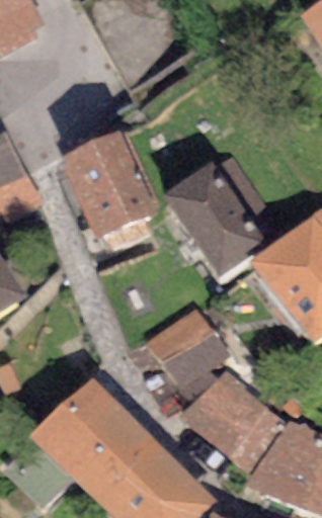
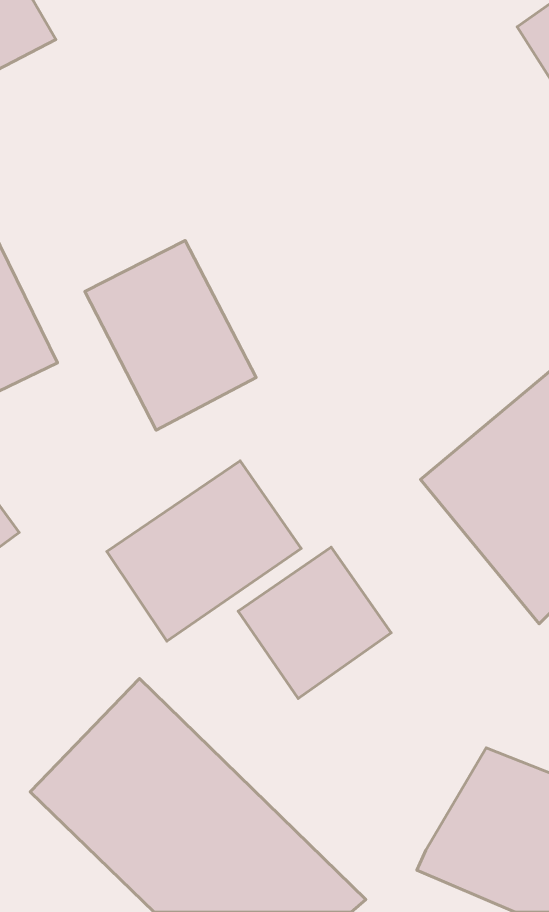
building: [161,148,281,277] -> none
building: none -> [107,461,301,641]
building: [180,366,283,471] -> none

